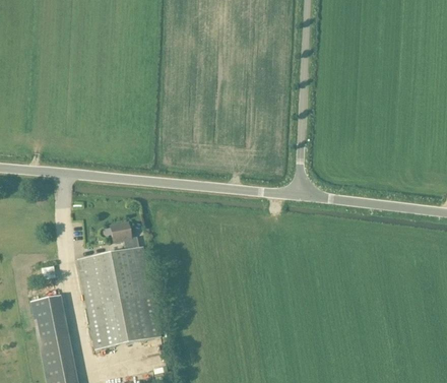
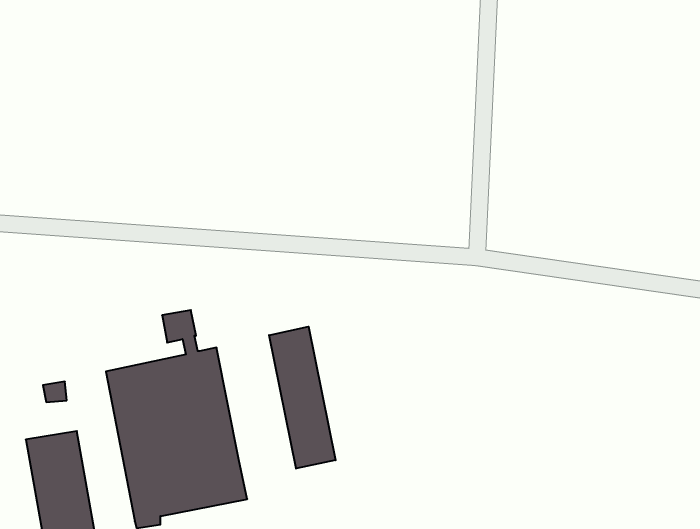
building: none -> [269,327,336,469]

